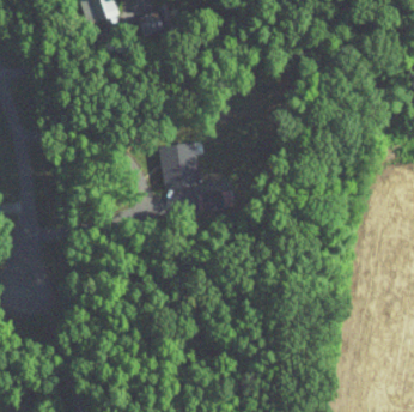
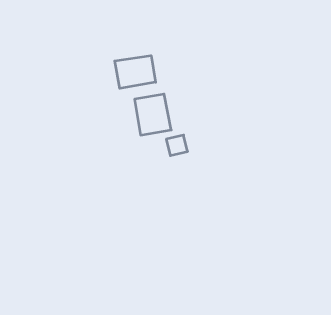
building: none -> [115,56,156,88]

